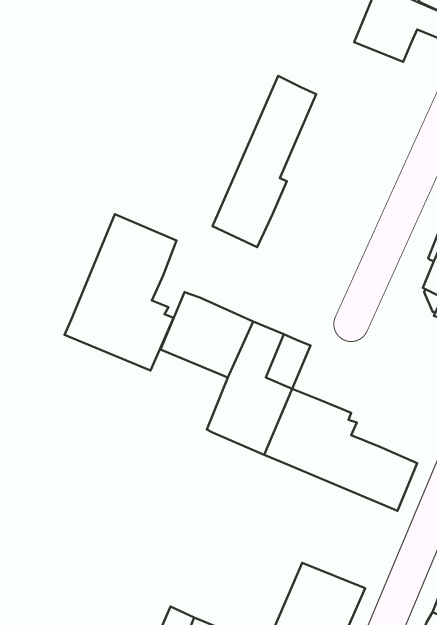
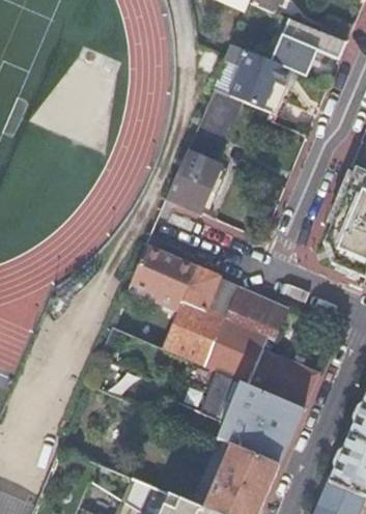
building: none -> [225,46,288,111]
building: [65,214,176,371] -> none
building: none -> [225,285,288,338]
building: none -> [200,371,303,464]

